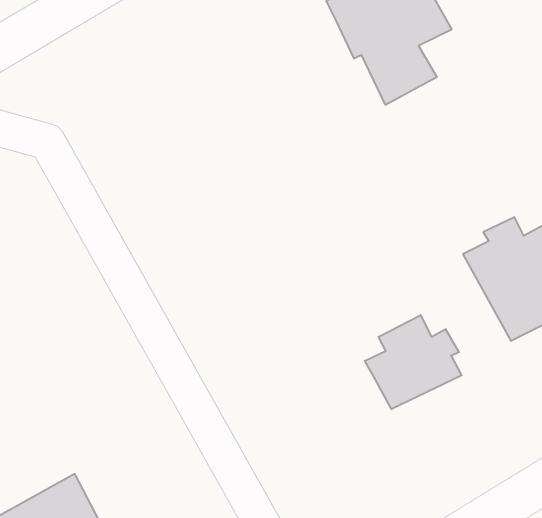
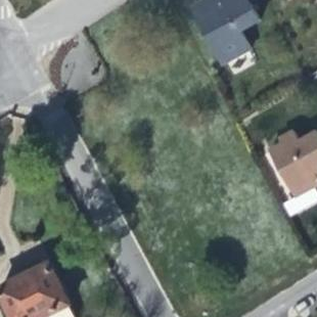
building: [365,315,462,409] -> none

